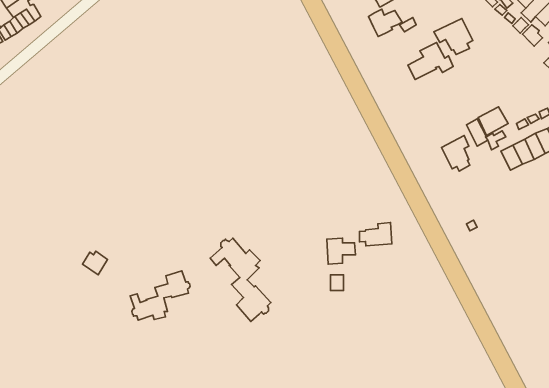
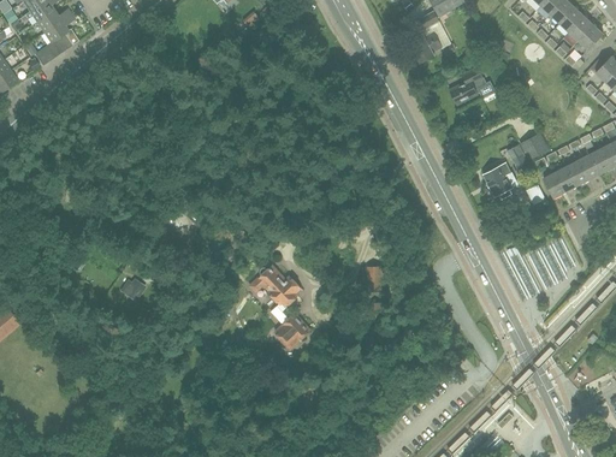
building: [434,18,473,55] -> none
building: [359,222,392,246] -> none
building: [130,271,190,320] -> none

